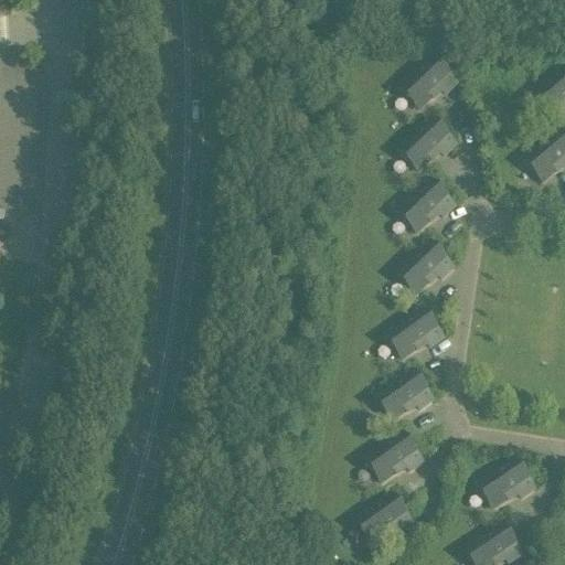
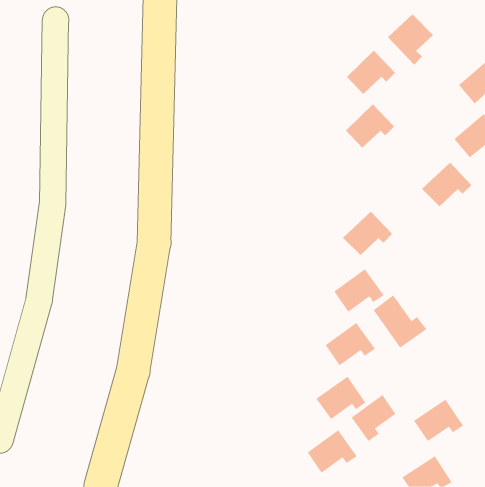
building: none -> [387,14,434,65]
building: [401,181,459,233] -> [421,162,472,207]
building: none -> [373,294,427,349]
building: none -> [351,394,396,442]

